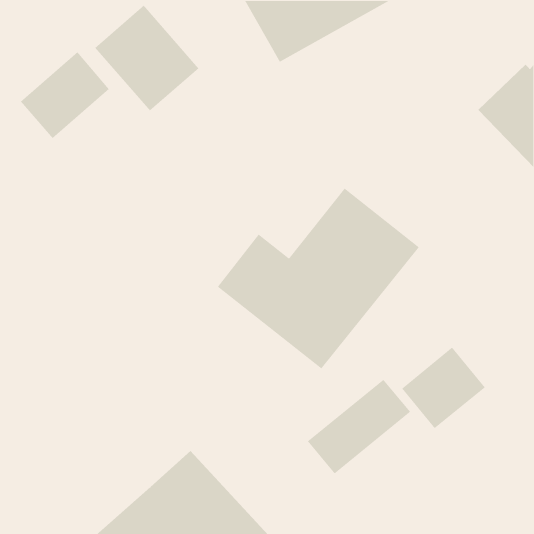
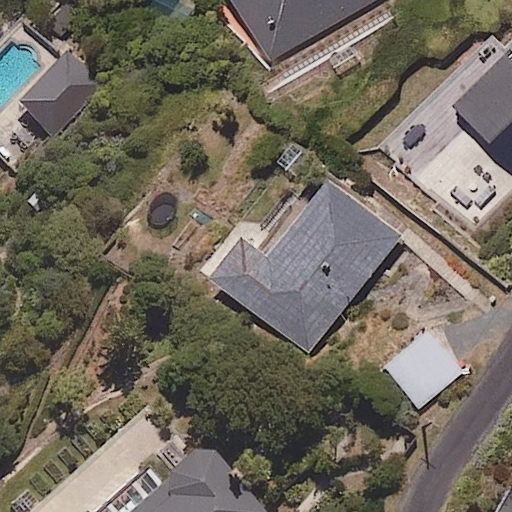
building: [94,5,200,112] -> none
building: [307,379,411,474] -> none

